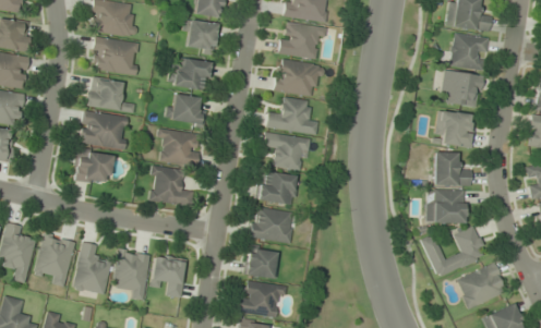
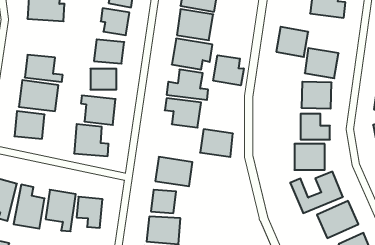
building: [448,32,489,70] -> [276,27,308,57]
building: [91,36,140,74] -> none
building: none -> [213,55,244,85]
building: [256,170,298,205] -> [200,129,233,157]

